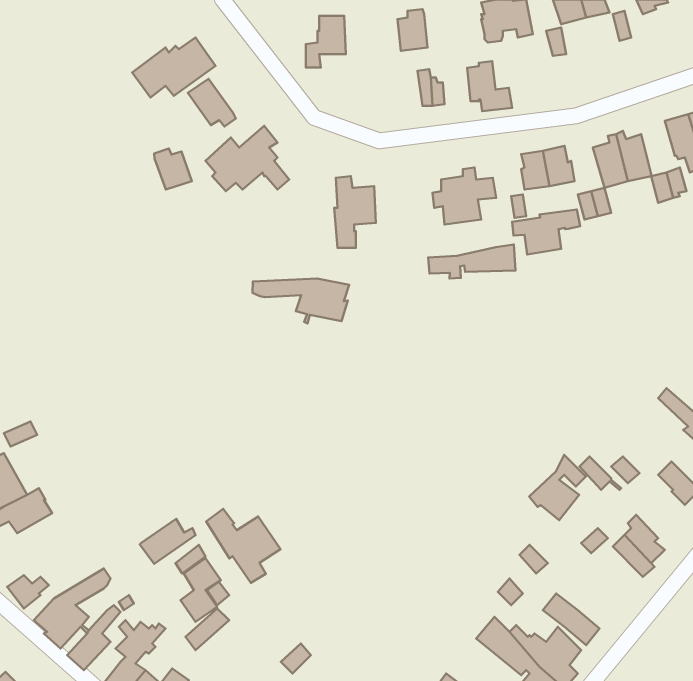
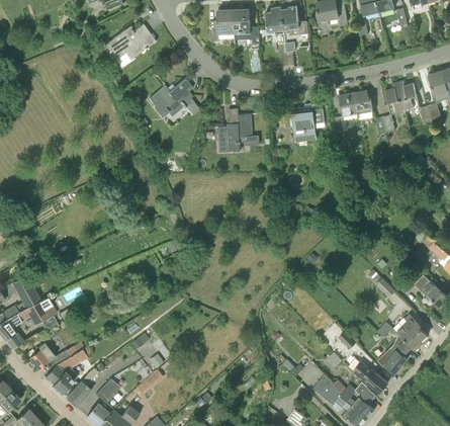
building: none -> [234,9,259,44]
building: [467,61,512,111] -> [282,5,309,35]
building: [188,79,236,126] -> none
building: [154,148,192,190] -> none
building: [512,210,580,255] -> none
building: [428,245,515,278] -> none
building: [253,278,349,323] -> none
building: [529,455,586,520] -> [377,334,412,373]
building: [206,509,281,583] -> none
building: [140,519,195,564] -> none

